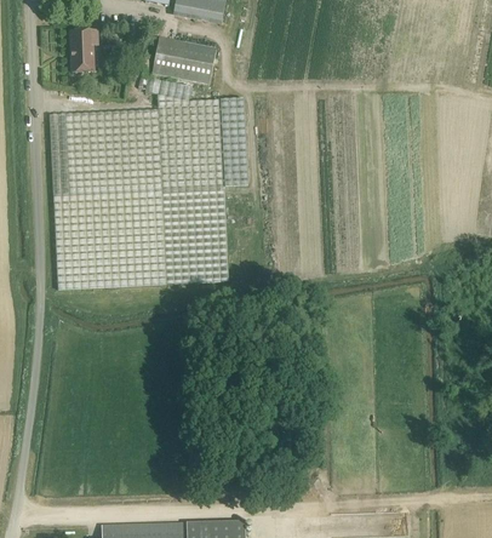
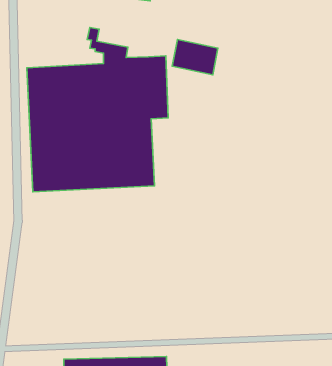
building: [70,29,98,70] -> none
building: [153,35,217,85] -> [172,40,218,75]

